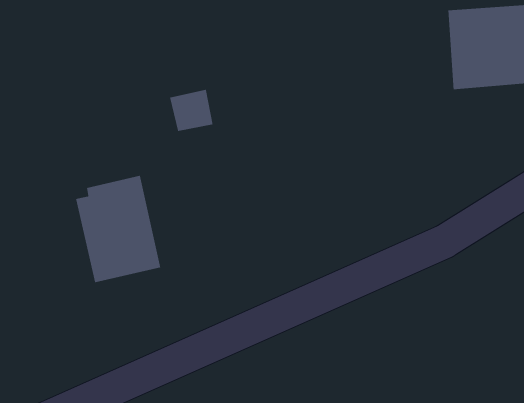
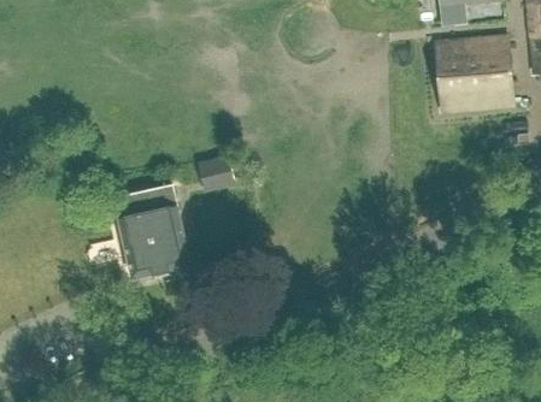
building: [169,89,213,132] -> [196,153,235,190]

